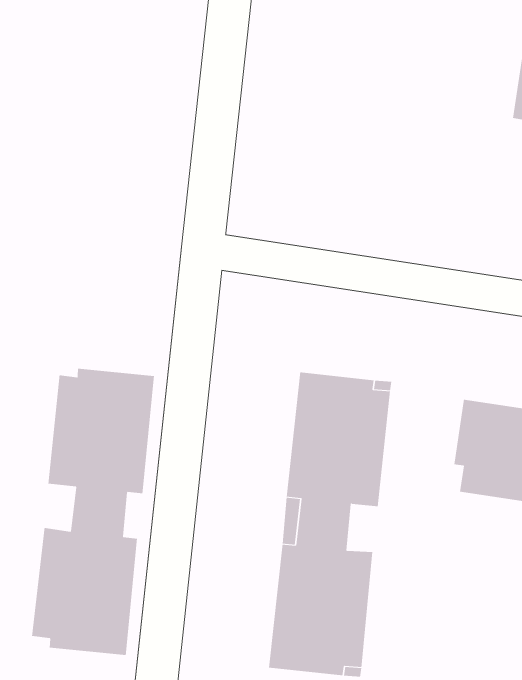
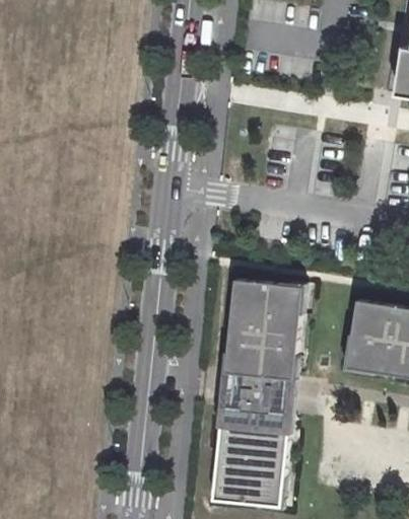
building: [32,368,155,656] -> none

